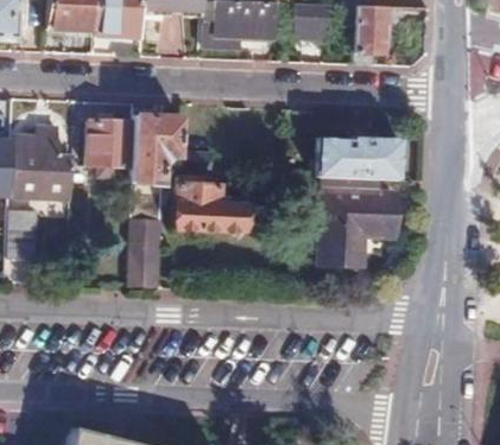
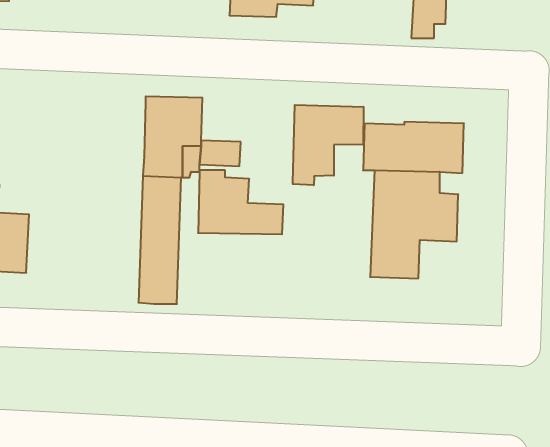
building: [87,120,133,166] -> none
building: none -> [293,105,363,185]
building: [17,128,70,199] -> none

